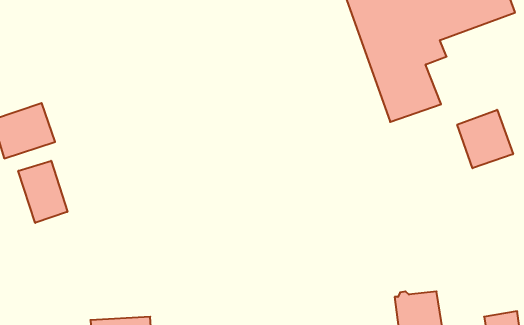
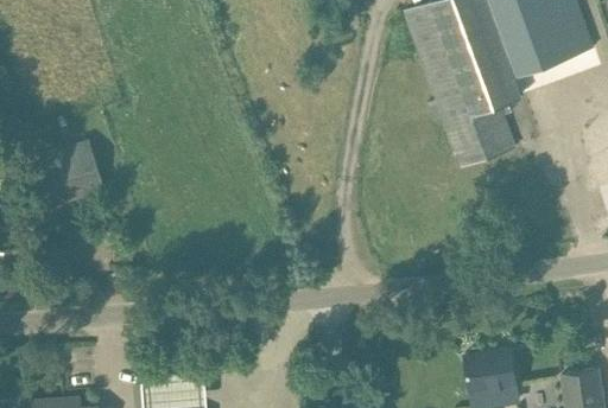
building: [457,110,513,168] -> none
building: [18,161,67,223] -> none

